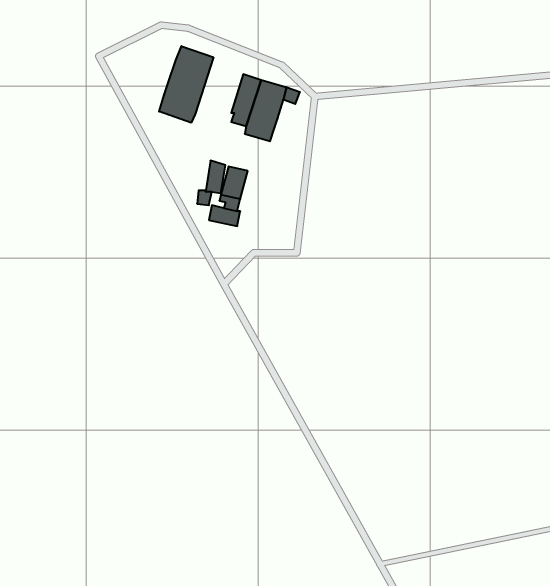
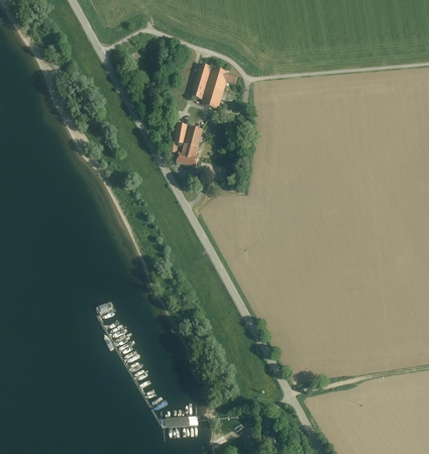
building: [159,46,213,123] -> none

